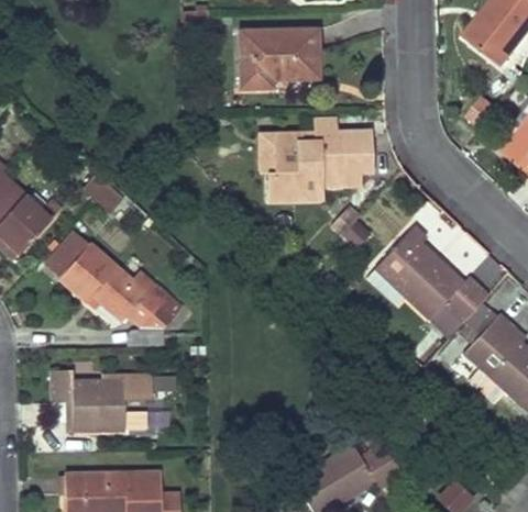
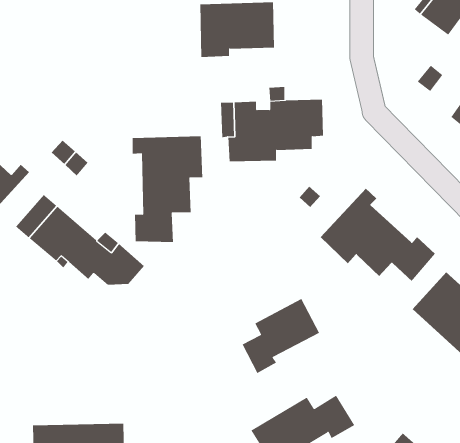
building: none -> [132,136,203,243]
building: none -> [242,298,320,374]
building: [52,369,153,431] -> none

